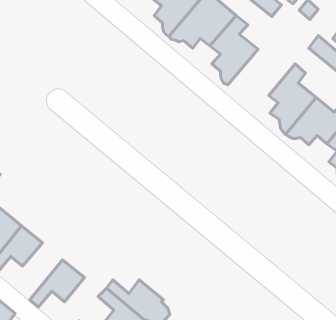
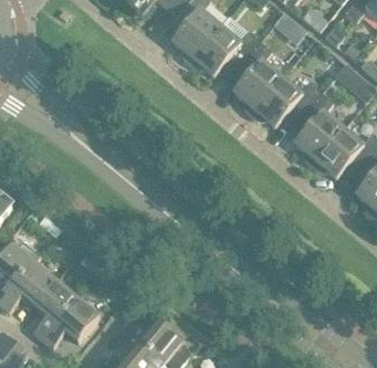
building: none -> [251,75,322,125]
building: none -> [34,278,77,338]

